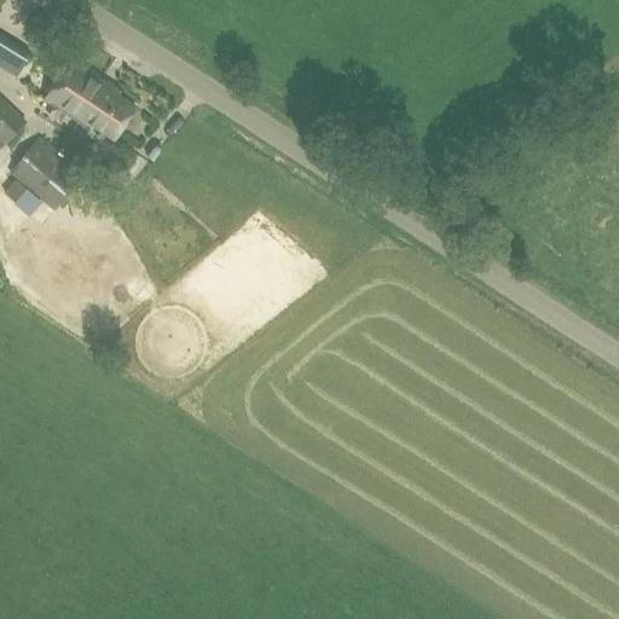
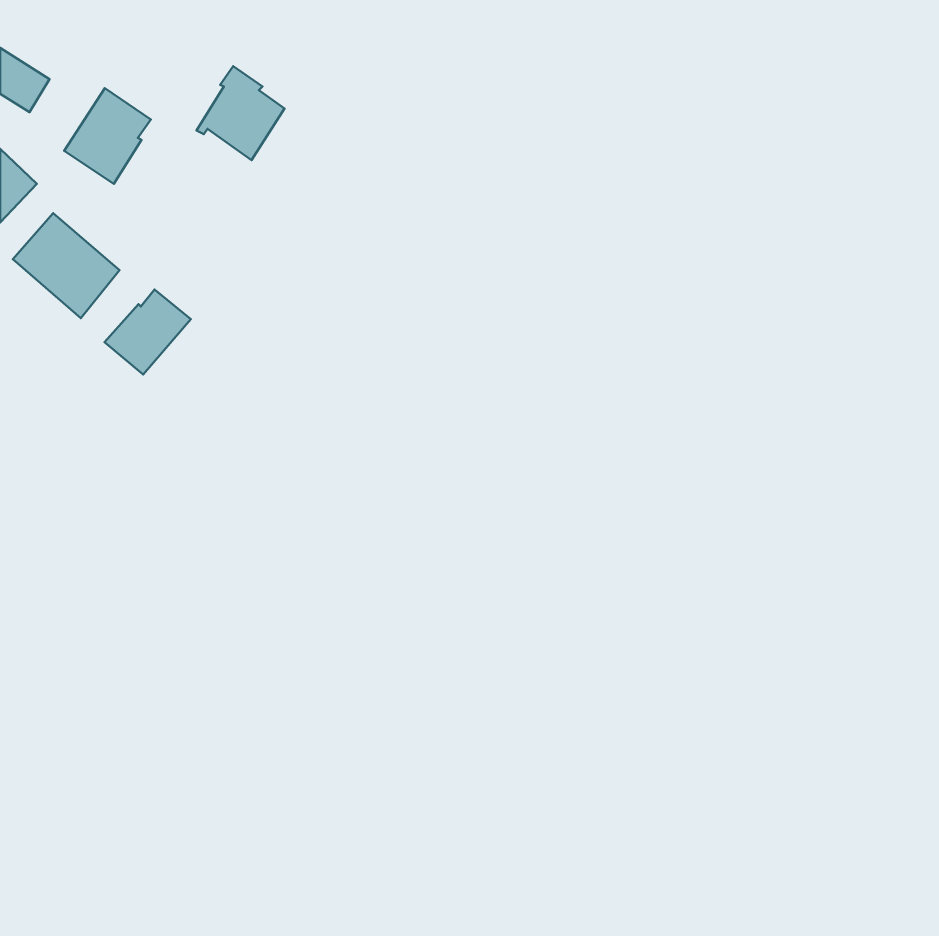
building: [75,81,133,143] -> [196,66,285,160]
building: none -> [105,290,191,374]

